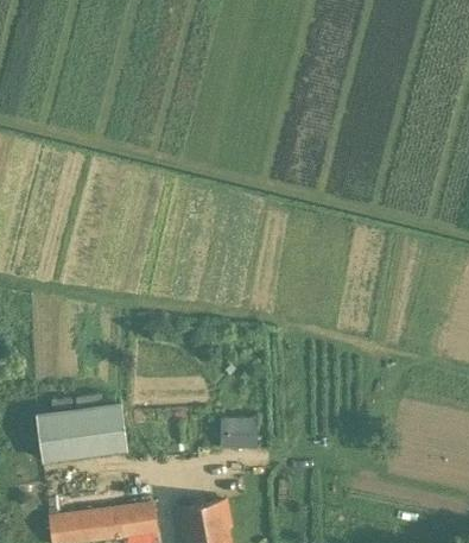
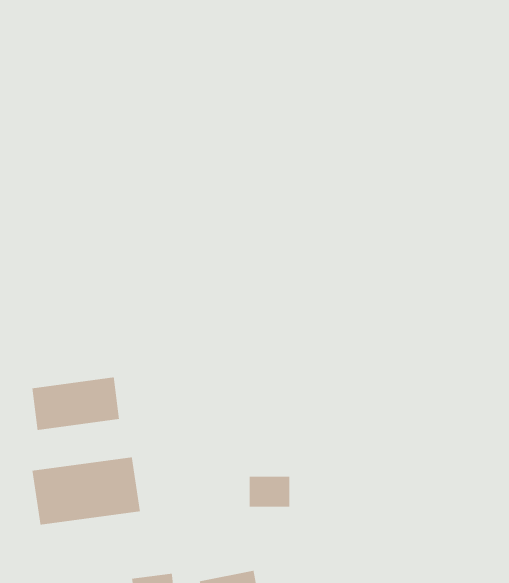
building: none -> [32,376,120,431]

